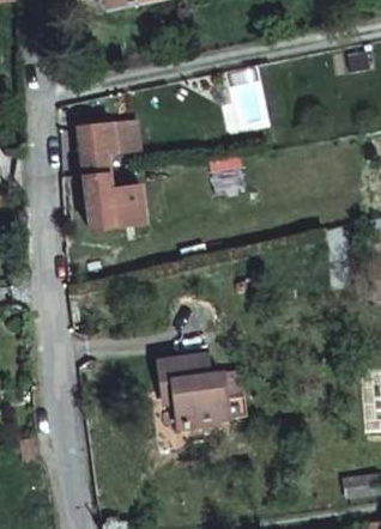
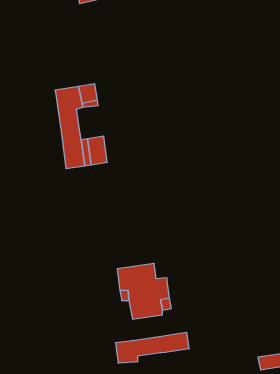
building: none -> [116,332,189,363]

